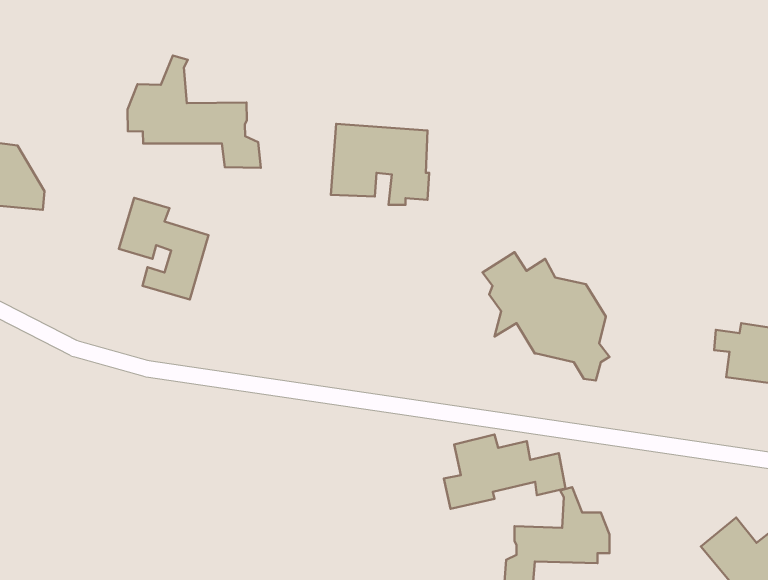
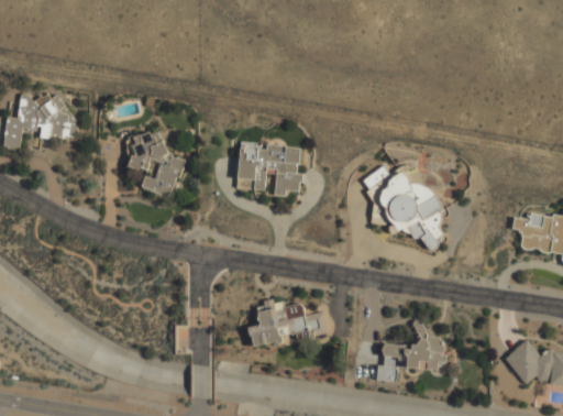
building: [127,56,261,168] -> none
building: [331,124,429,205] -> [236,142,300,195]
building: [444,434,566,509] -> [249,298,328,347]

